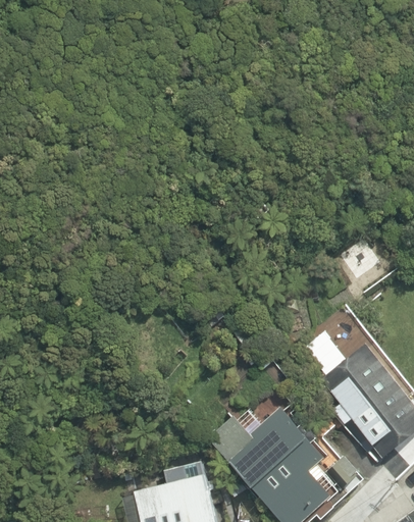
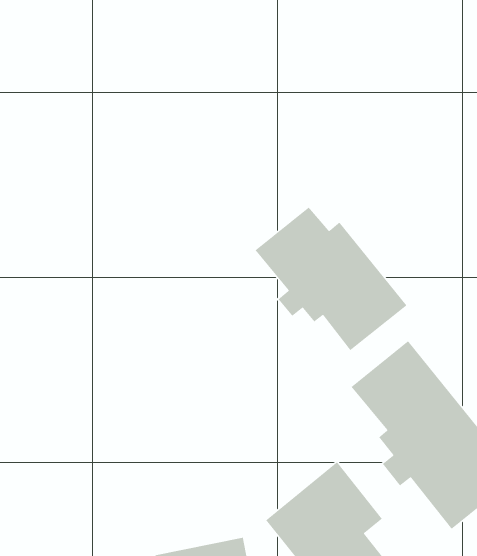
building: none -> [254,206,407,351]

